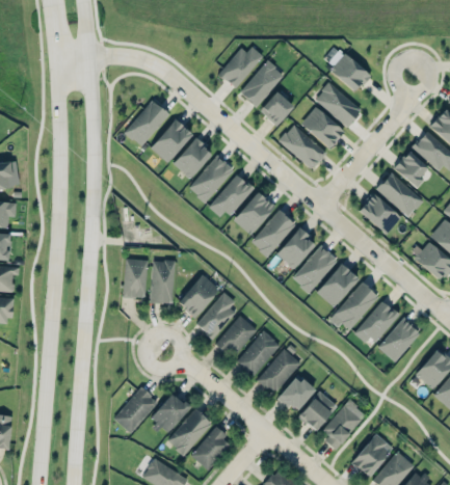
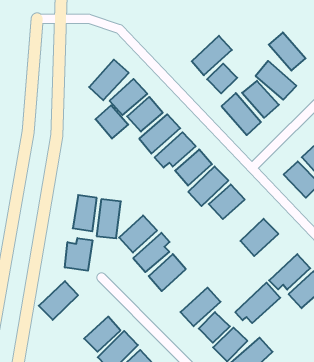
building: [219,43,264,88] -> none
building: none -> [95,105,128,139]
building: [292,245,339,293] -> none
building: [329,281,379,329] -> [235,283,280,323]
building: none -> [65,238,92,271]
building: [237,330,281,377] -> none
building: [114,387,158,433] -> [39,281,78,320]

